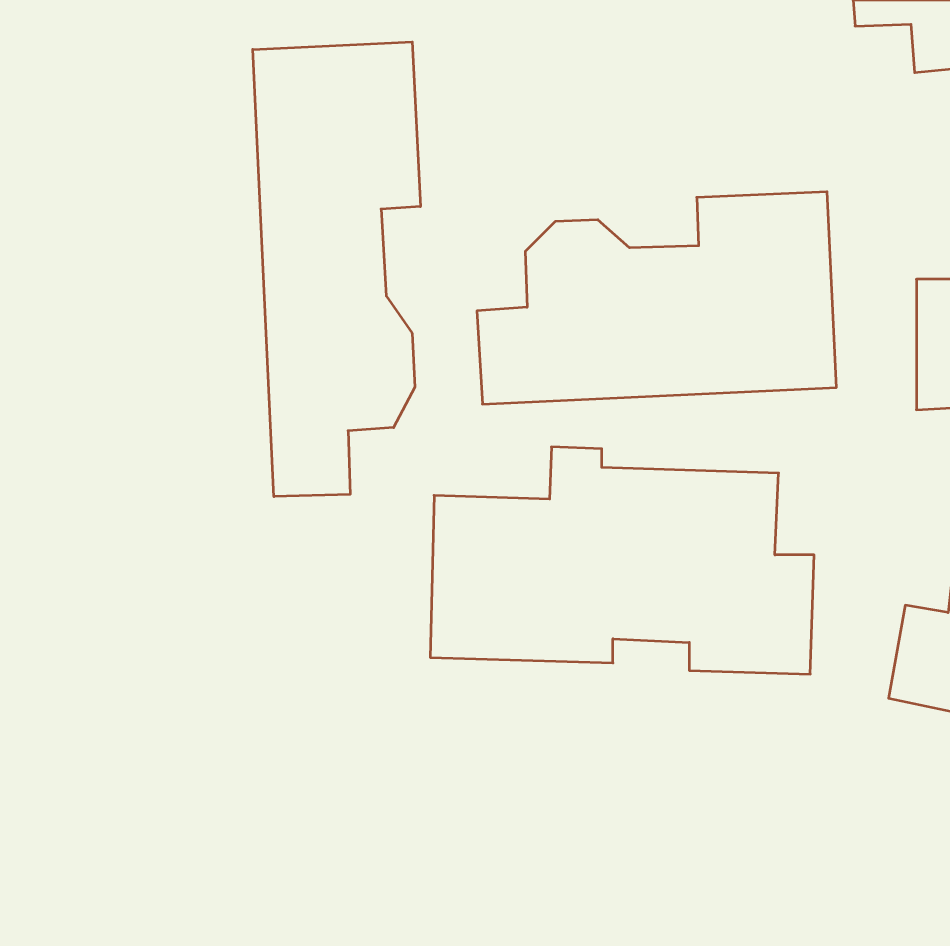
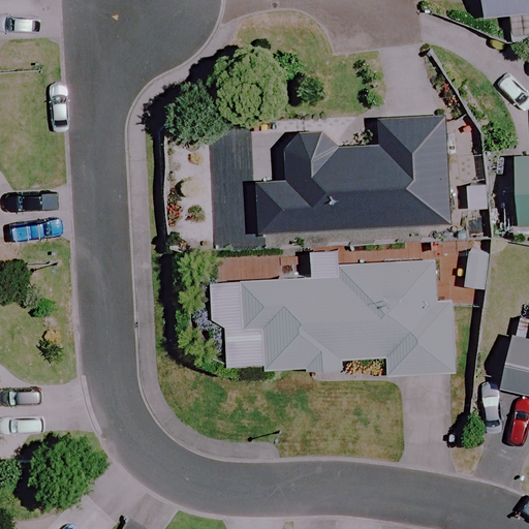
building: [253,42,420,497] -> none

